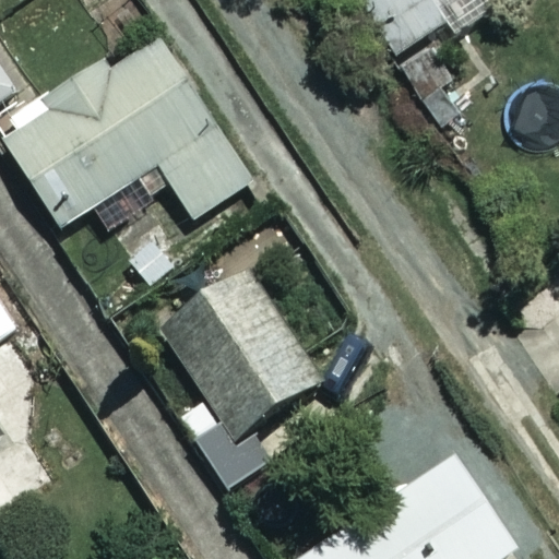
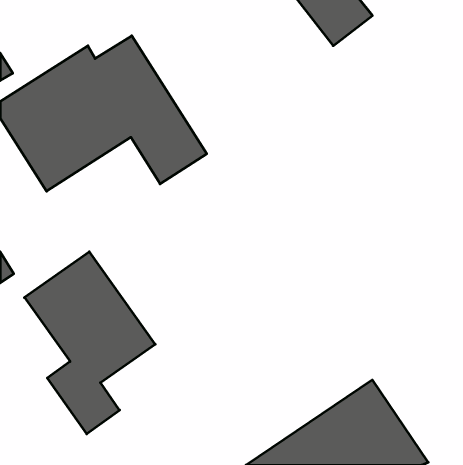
building: [159,272,316,489] -> [24,252,155,434]

